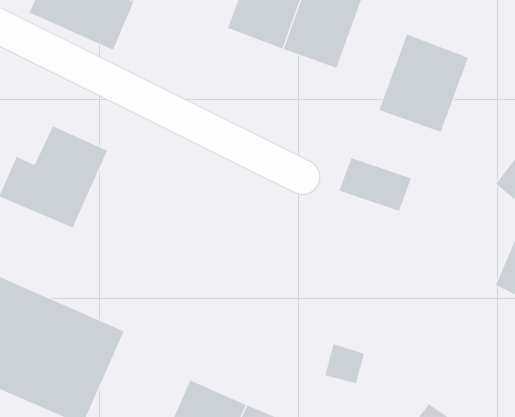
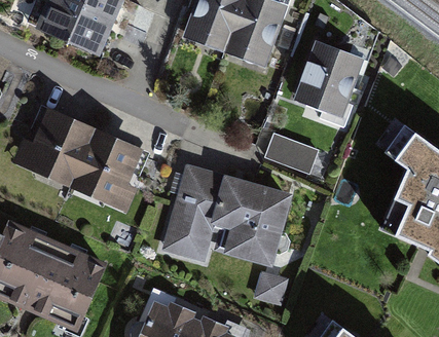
building: none -> [68,128,137,211]
building: none -> [162,165,289,265]

